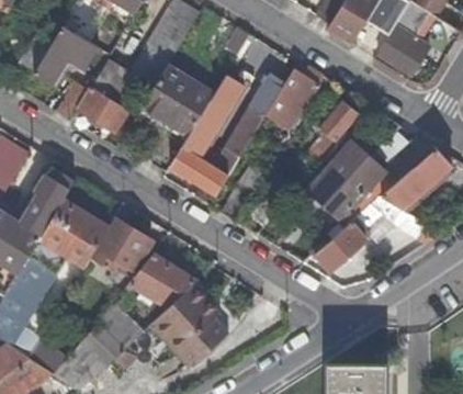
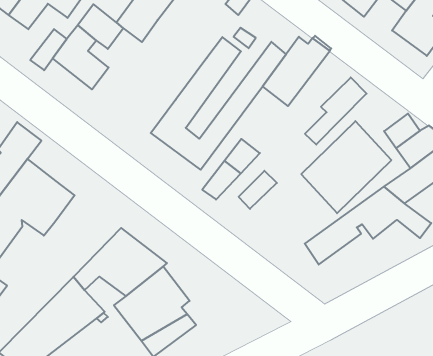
building: [143,65,214,134] -> none
building: [92,216,151,269] -> none

